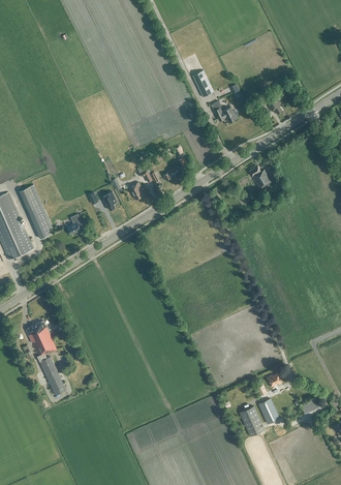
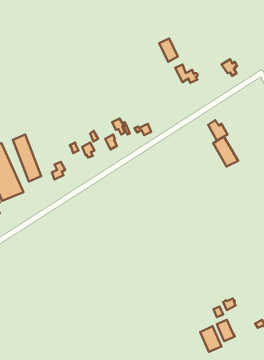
building: none -> [213,137,238,167]
building: [26,321,66,395] -> none

